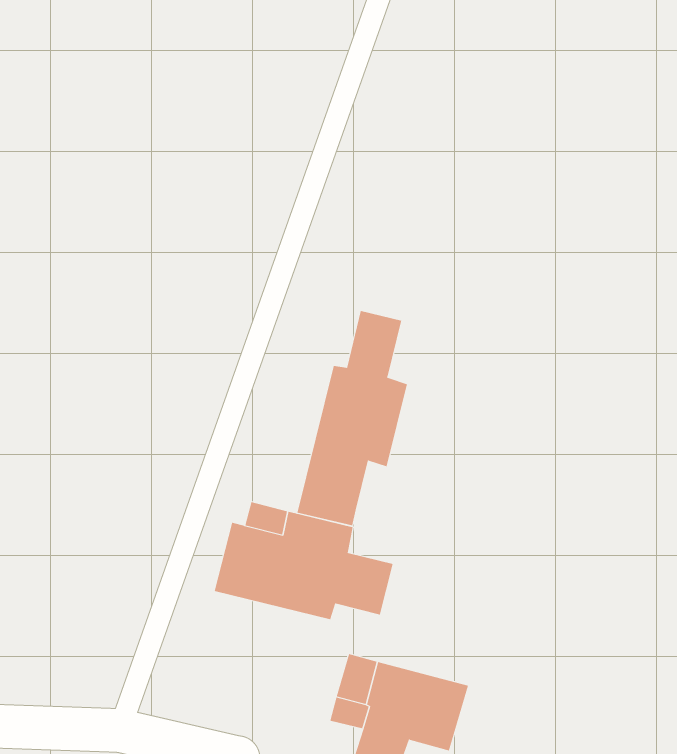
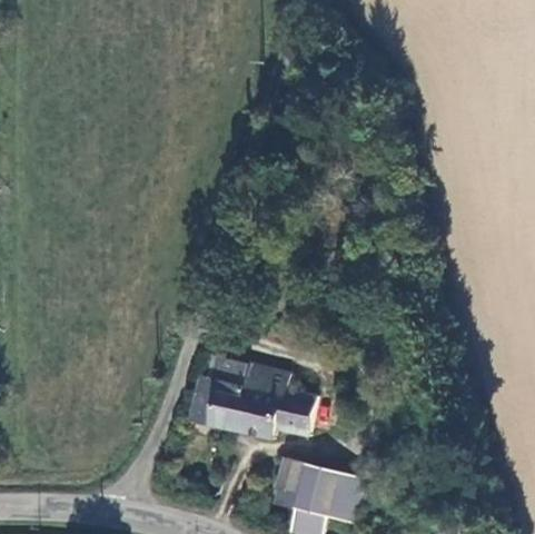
building: [297,310,408,526] -> none

